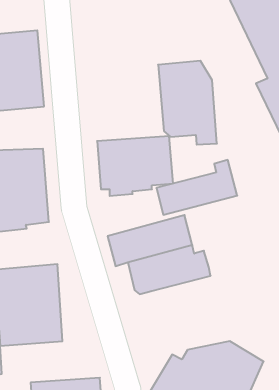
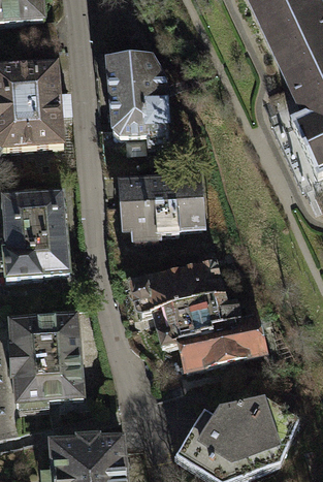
building: [158,61,217,145] -> [108,56,171,146]
building: [156,160,237,215] -> [180,313,266,372]

